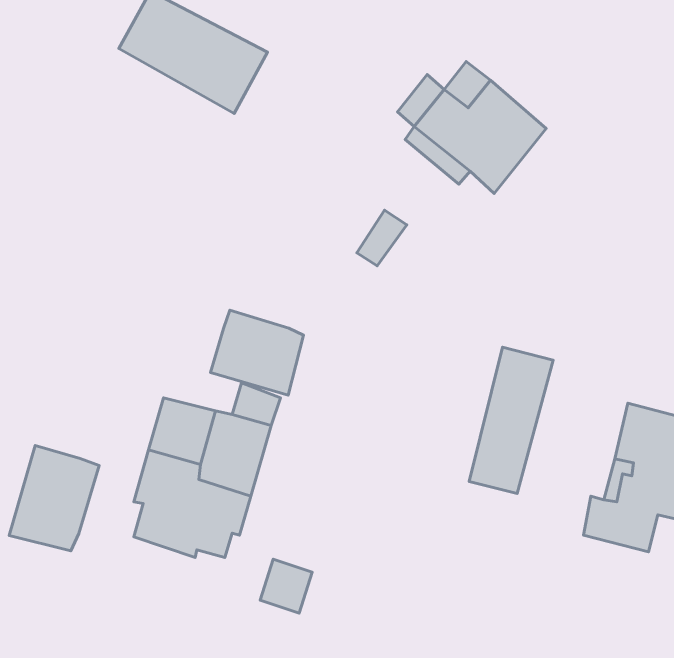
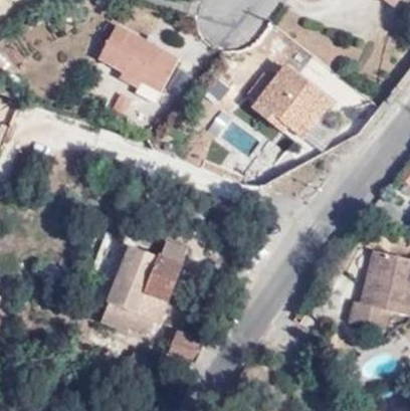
building: [210,310,304,395] -> none
building: [469,347,553,494] -> none
building: [9,445,99,551] -> none

